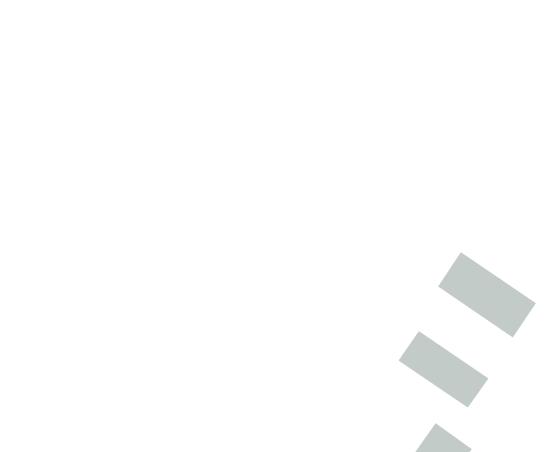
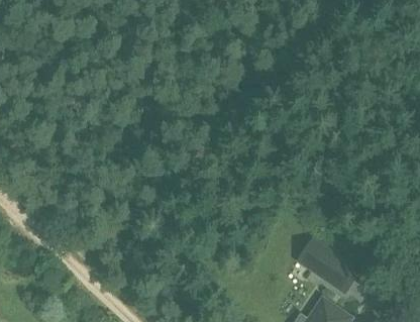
building: [437,251,537,338] -> none

